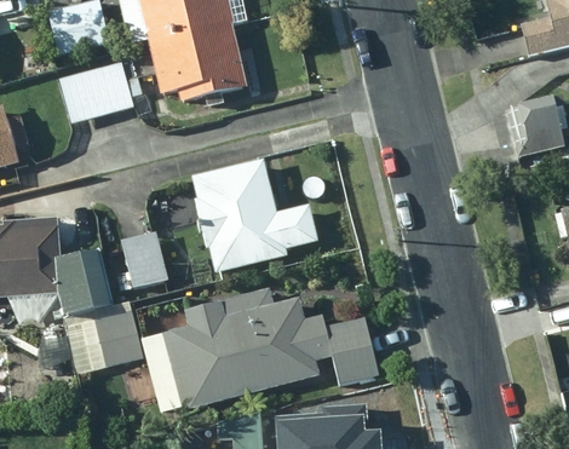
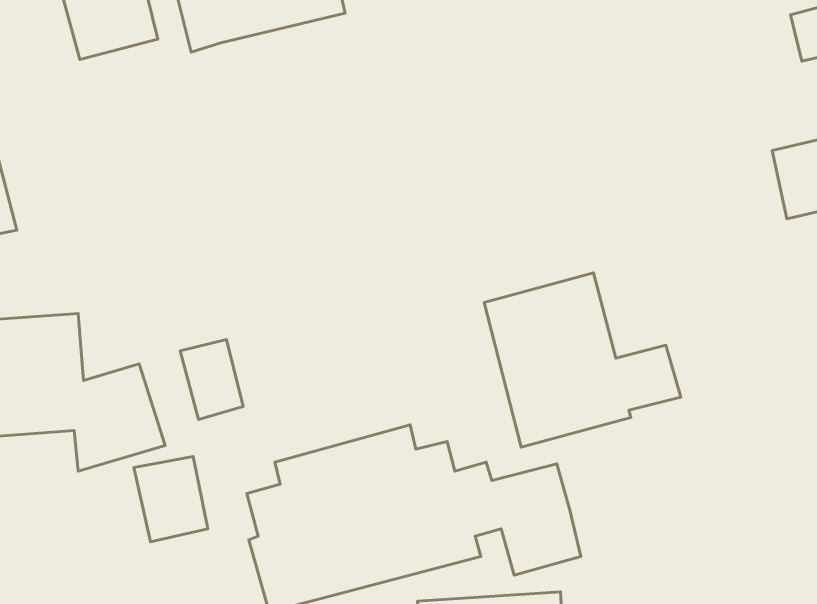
building: [149,21,246,103] -> none
building: [59,61,138,122] -> none
building: [188,159,316,272] -> [484,273,681,447]

